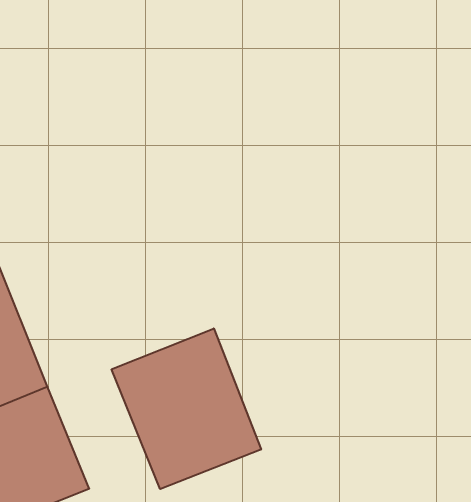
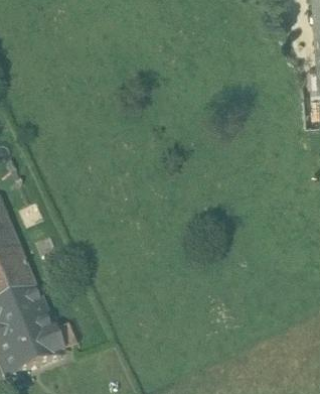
building: [112,328,261,489] -> none

